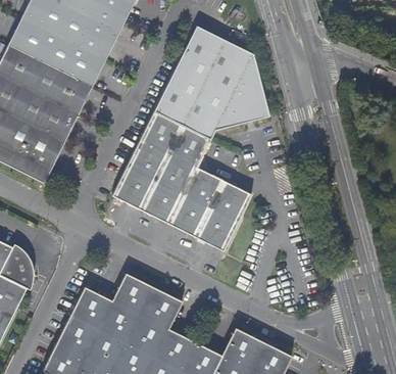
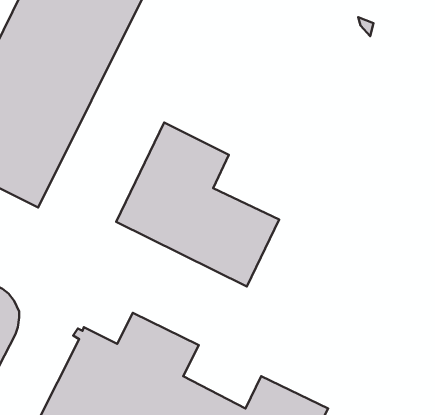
building: [152,25,266,138] -> none

